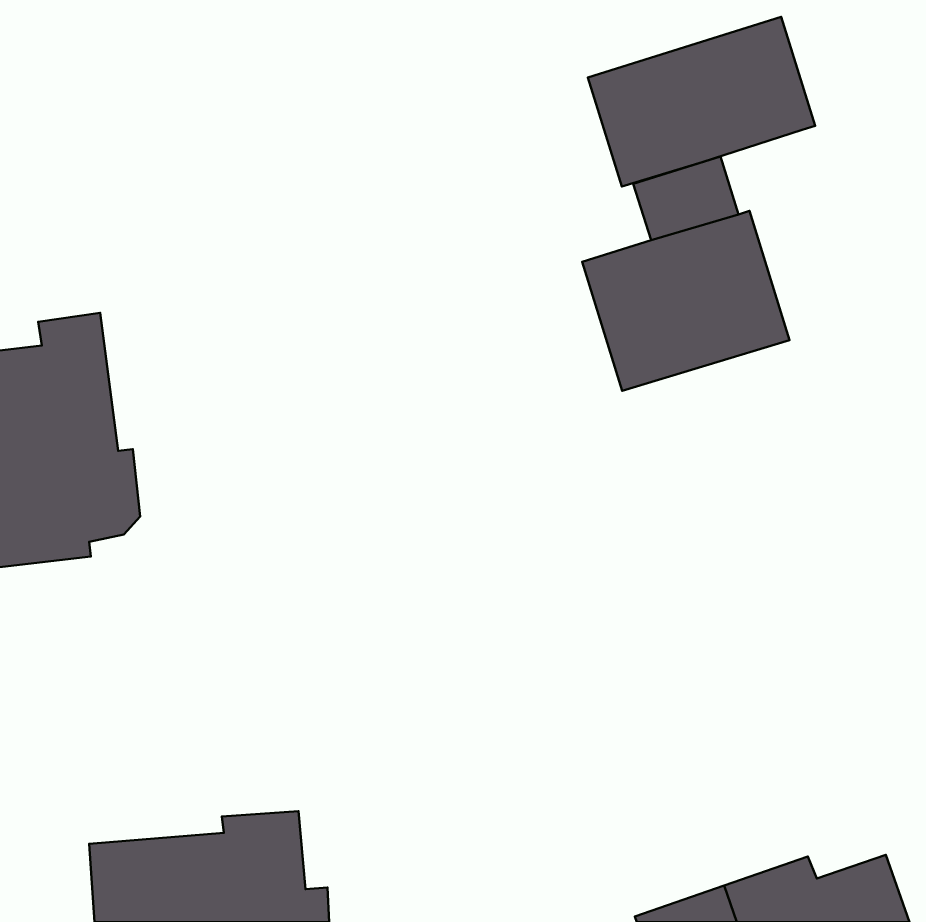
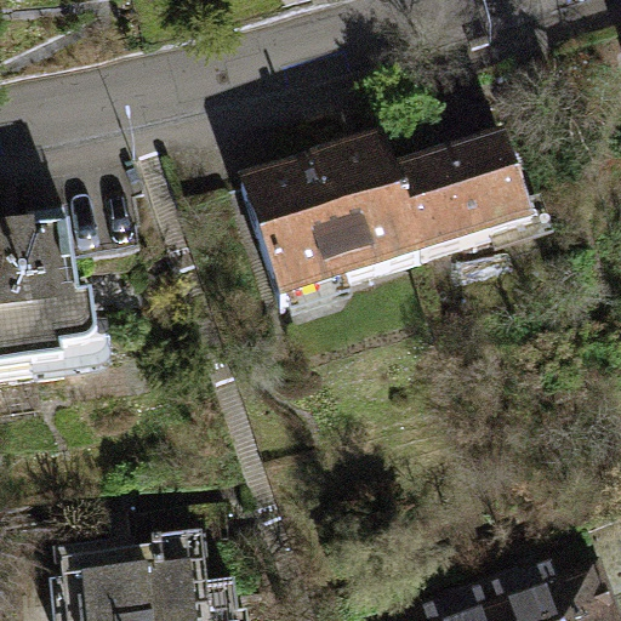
building: [588,17,815,187] -> none
building: none -> [244,142,415,301]

